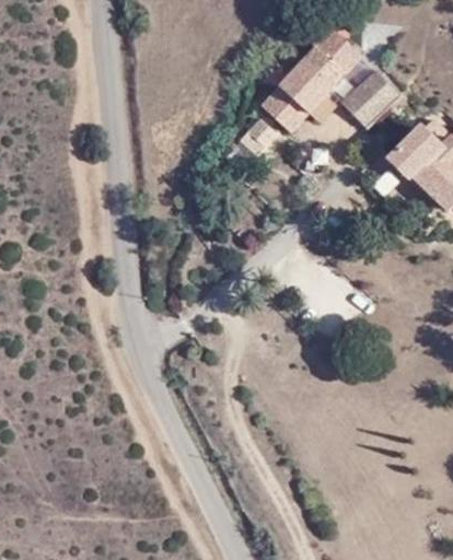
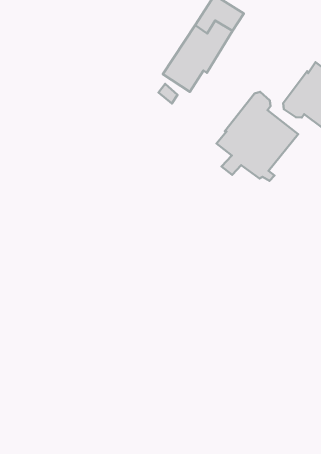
building: [342,71,399,127] -> none
building: none -> [216,92,298,181]

